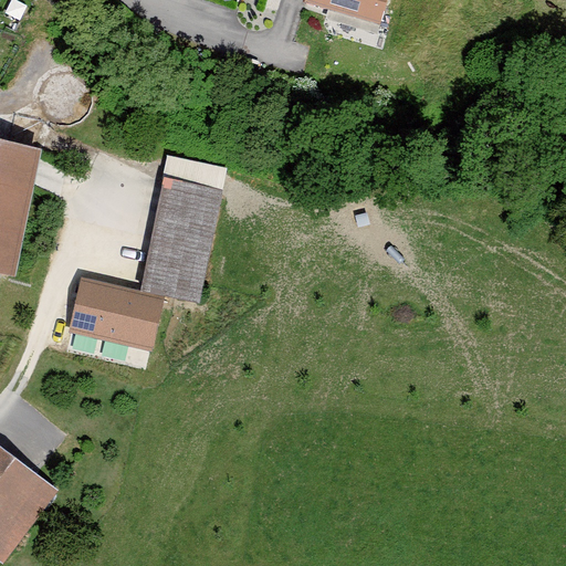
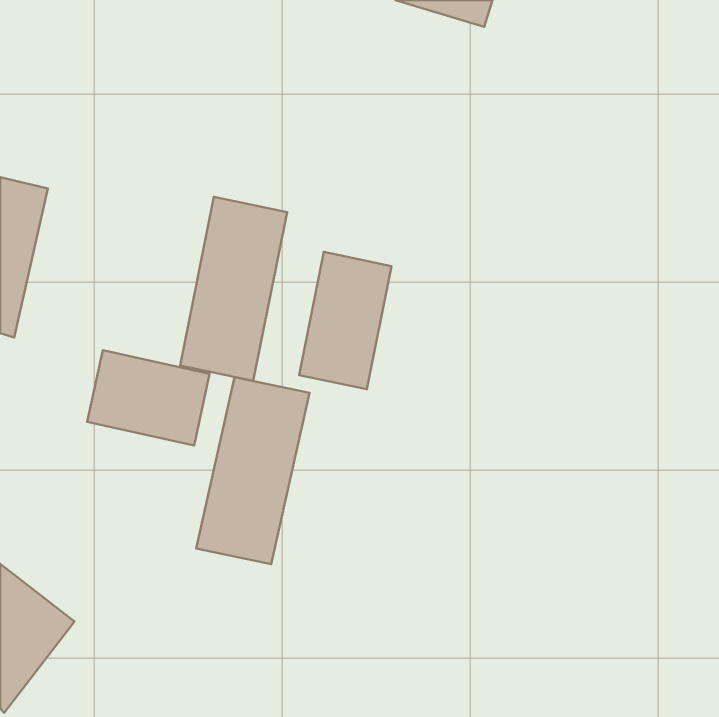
building: none -> [299,252,392,389]
building: none -> [196,377,310,564]

